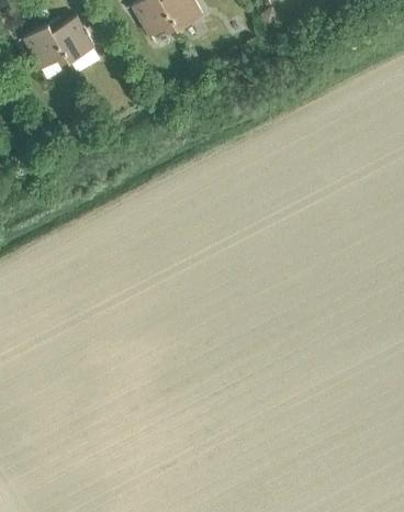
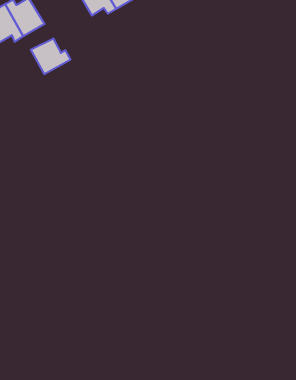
building: none -> [31,38,70,74]

